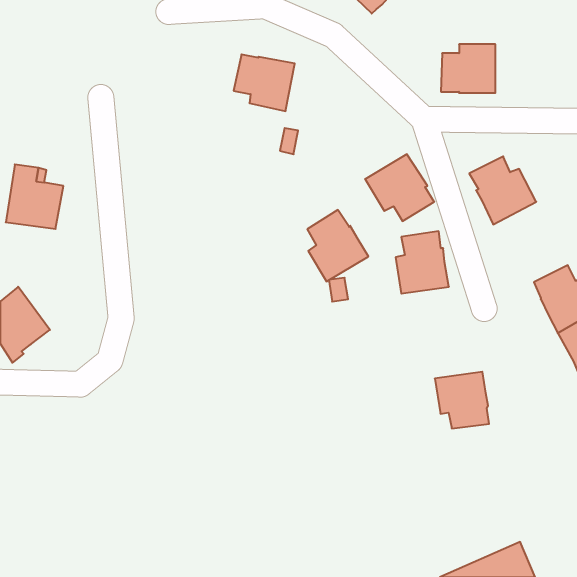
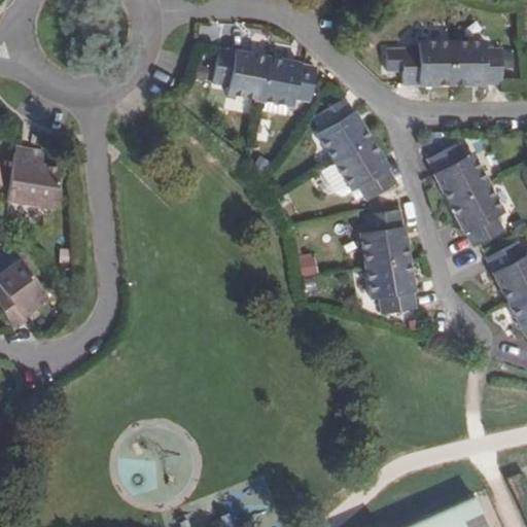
building: none -> [452,40,501,84]
building: none -> [261,58,317,106]
building: none -> [450,183,504,246]
building: [307,210,368,281] -> [316,98,372,163]
building: [435,372,489,428] -> [366,260,416,312]

